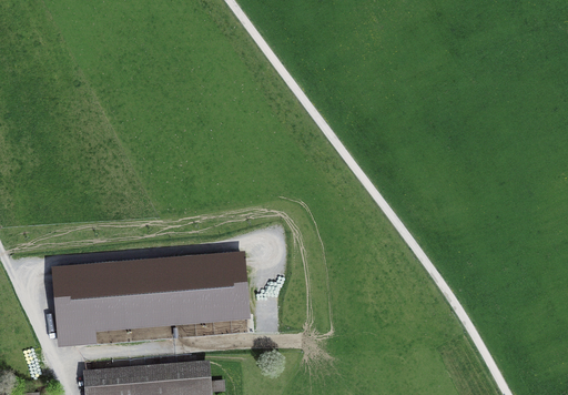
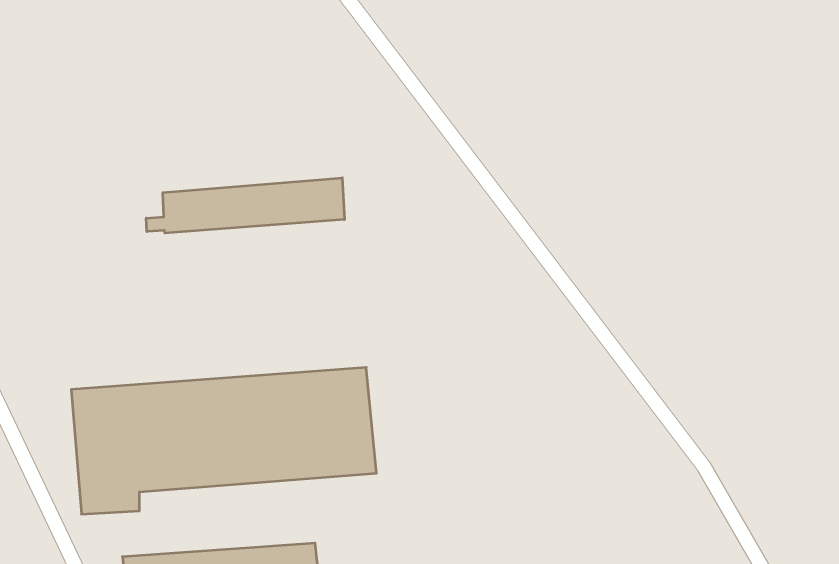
building: none -> [146,178,344,233]

